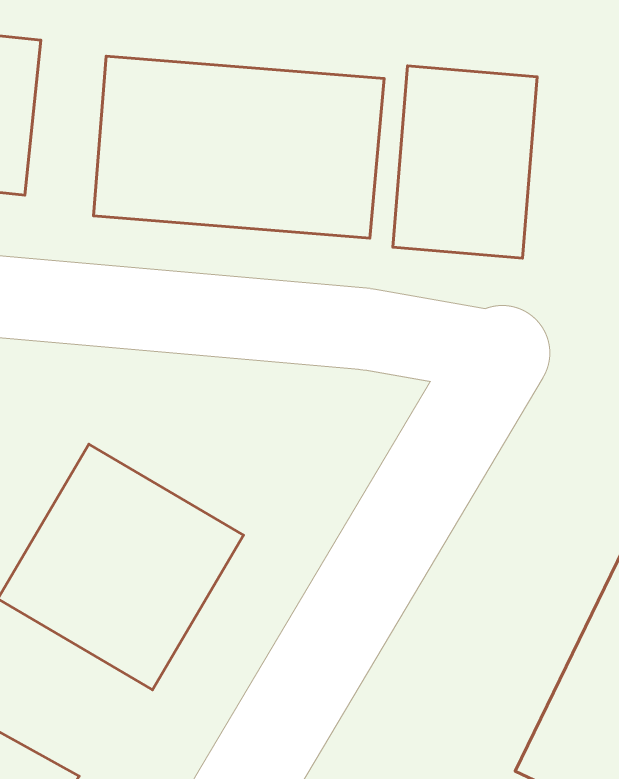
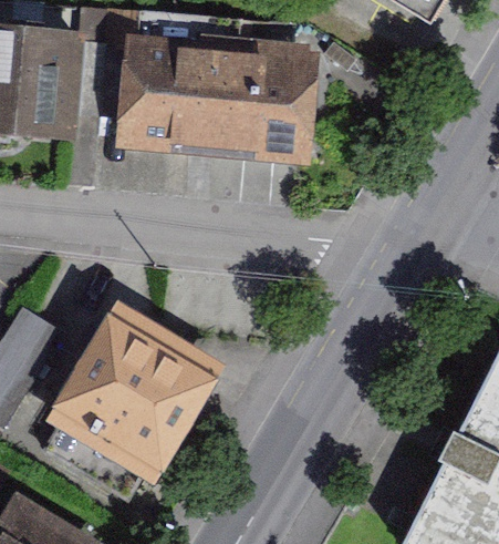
building: [393,66,537,258] -> none

